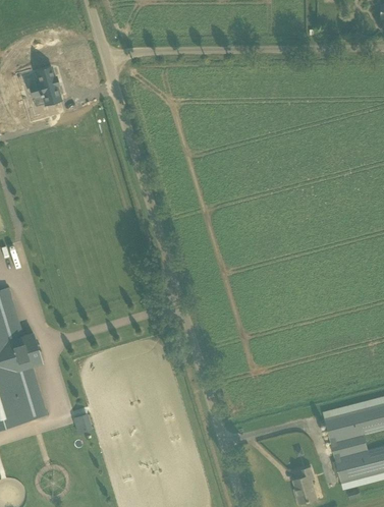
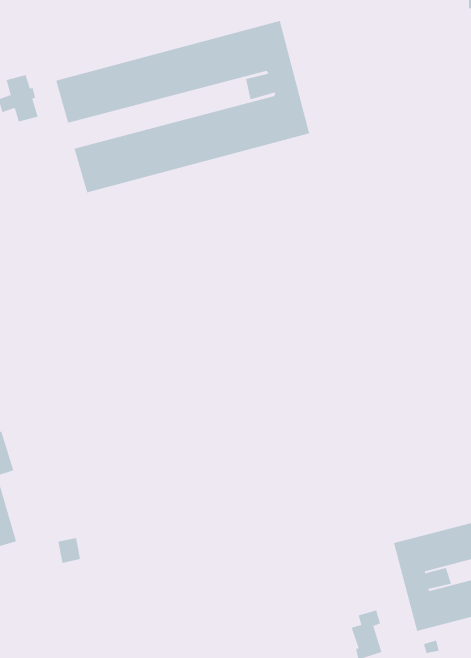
building: none -> [56,20,310,193]

